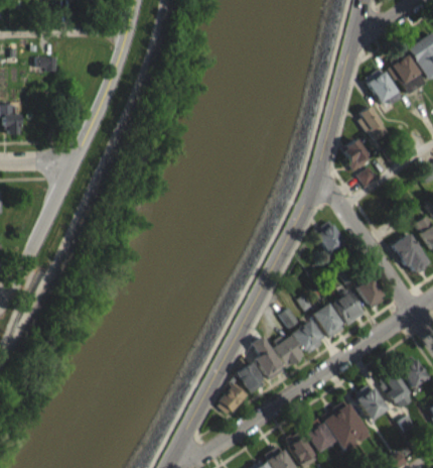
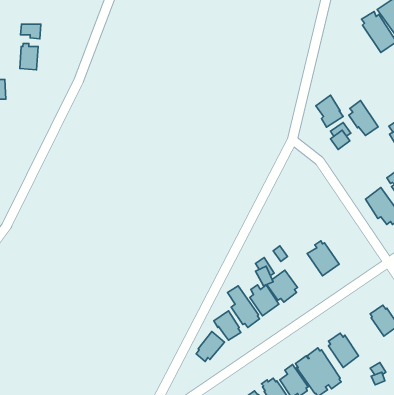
building: [366,68,402,105] -> none
building: none -> [20,43,38,70]
building: [358,105,389,141] -> [349,101,378,136]
building: [313,220,344,254] -> none
building: [356,277,385,309] -> none
building: [312,303,344,338] -> none
building: [381,372,412,406] -> none

